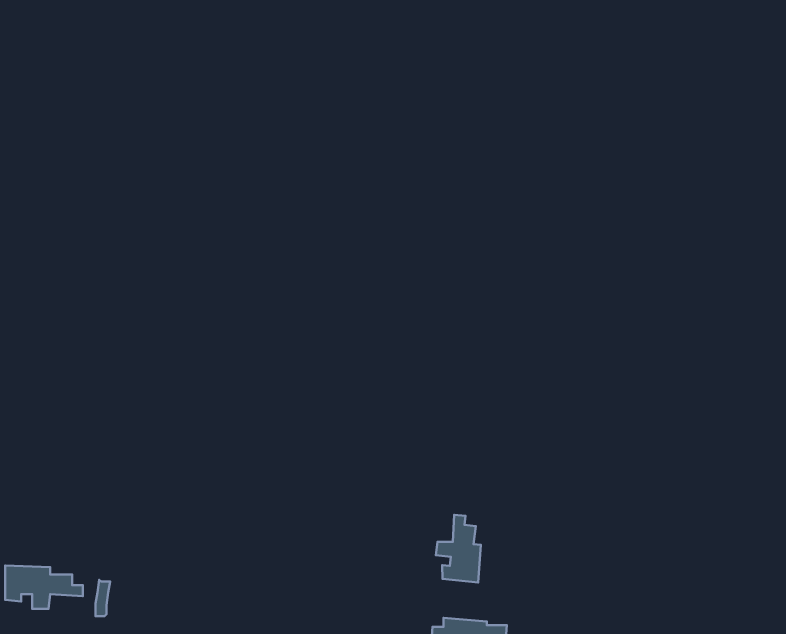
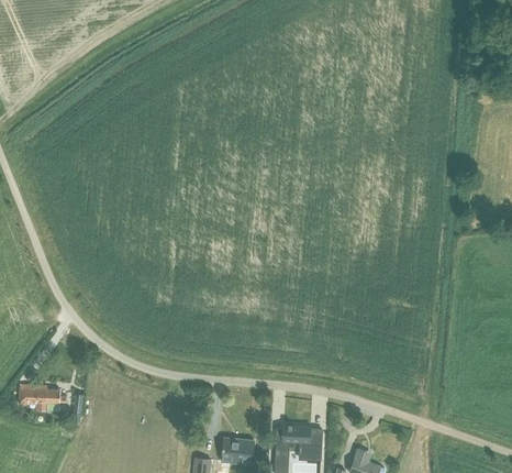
building: [436,515,481,583] -> none

